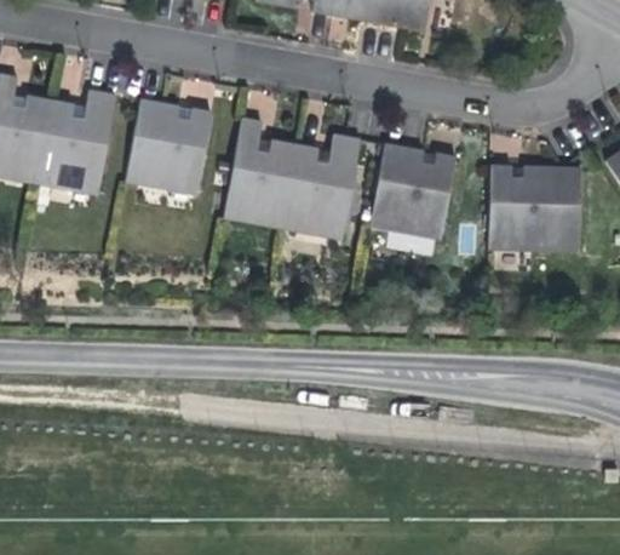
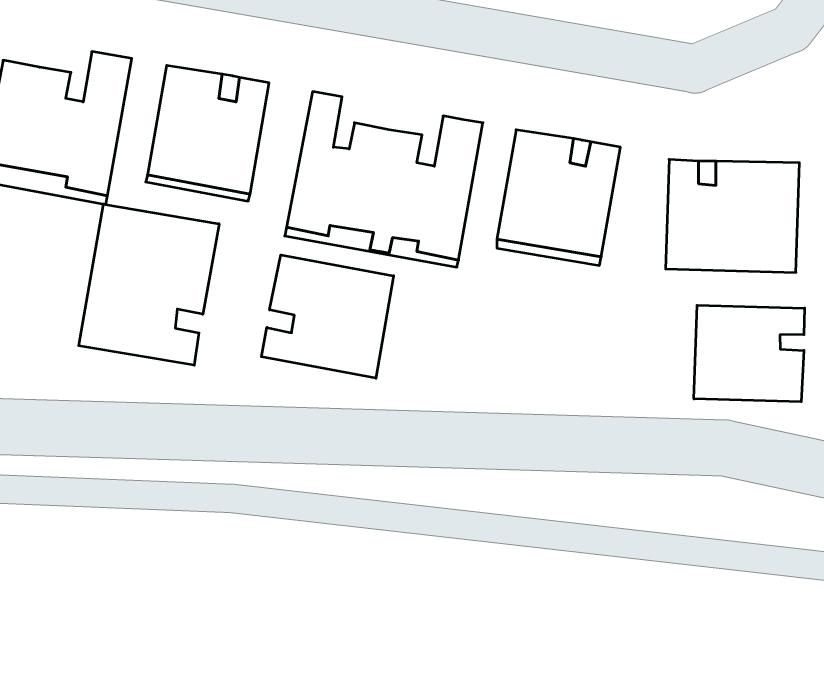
building: none -> [79,204,219,365]
building: none -> [261,255,394,378]
building: none -> [694,305,805,402]

